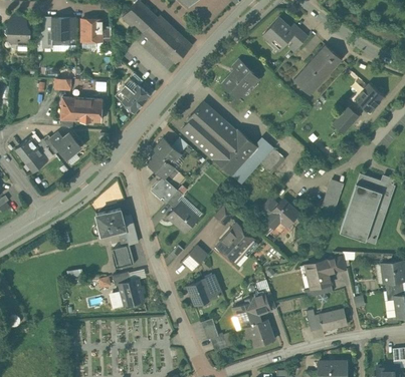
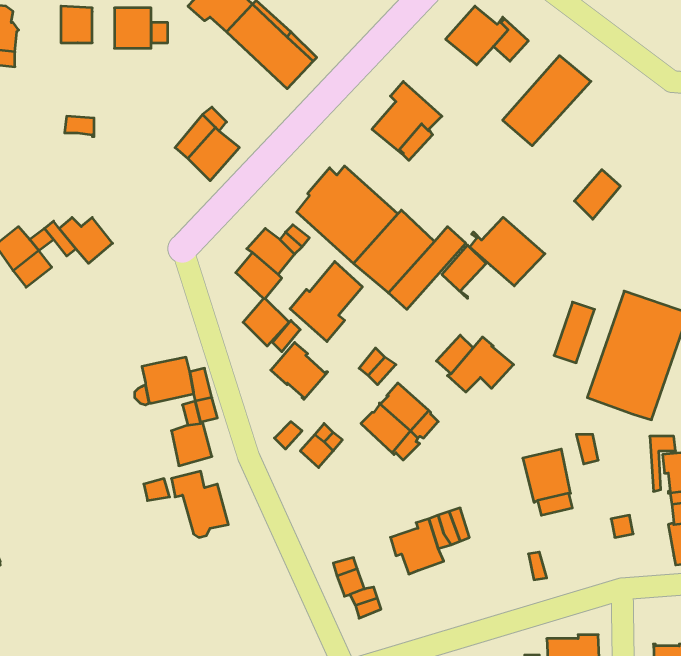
building: [355,84,384,112] -> none
building: [61,97,102,121] -> none
building: none -> [470,217,545,286]
building: none -> [290,261,362,342]
building: [187,275,221,305] -> none
building: [319,309,347,330] -> none
building: [247,319,274,347] -> none

